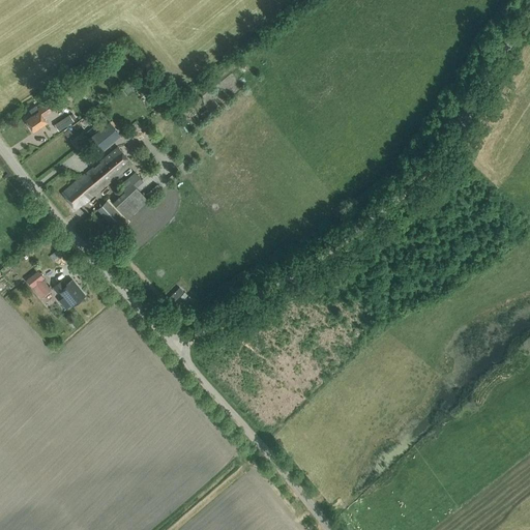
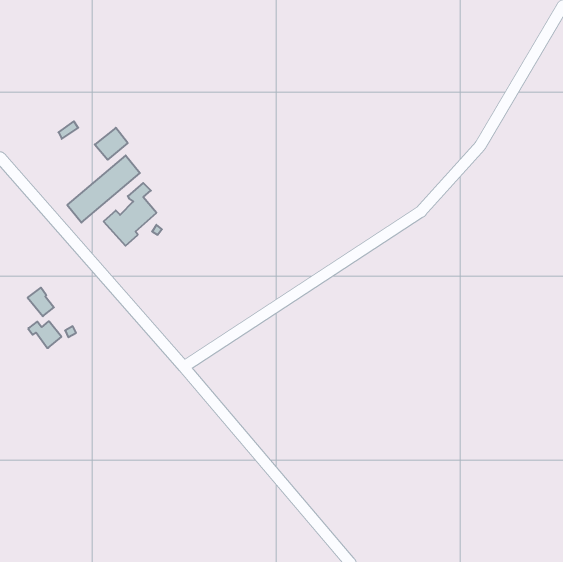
building: [26,101,54,131] -> none
building: [53,281,84,305] -> [28,322,61,348]

